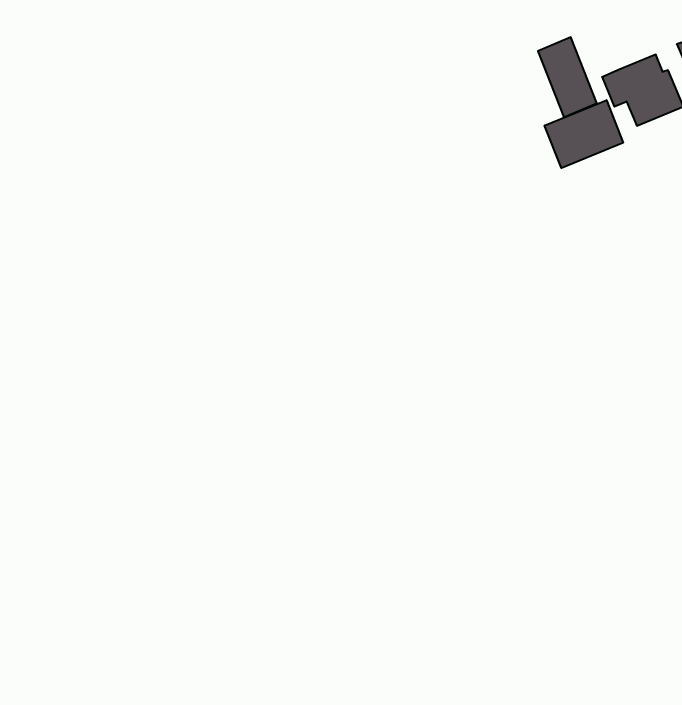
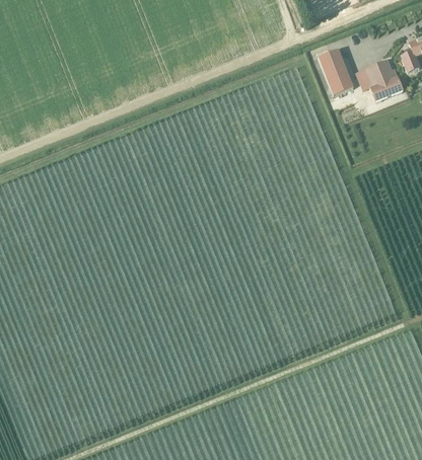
building: [545,100,623,168] -> none

